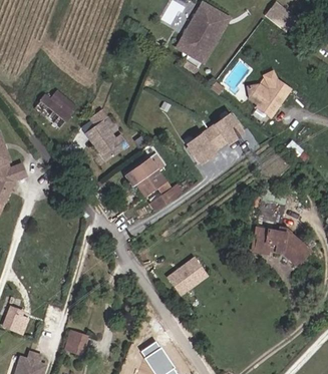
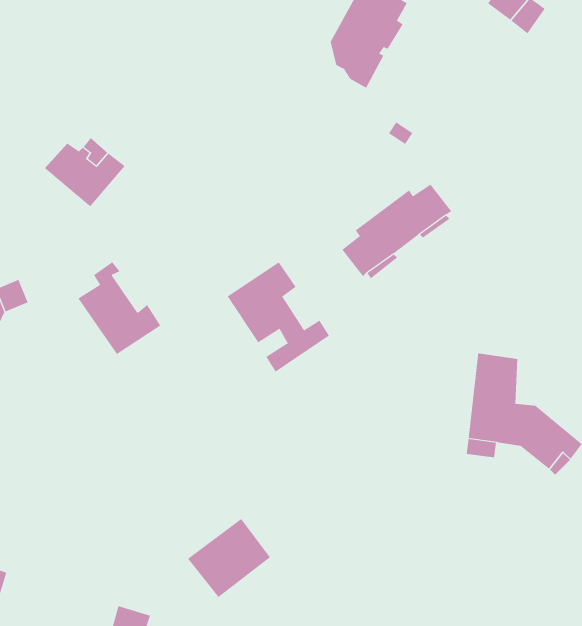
building: [250,70,292,115] -> none
building: [87,107,130,155] -> [78,261,161,355]
building: [168,256,211,297] -> [187,518,271,598]

